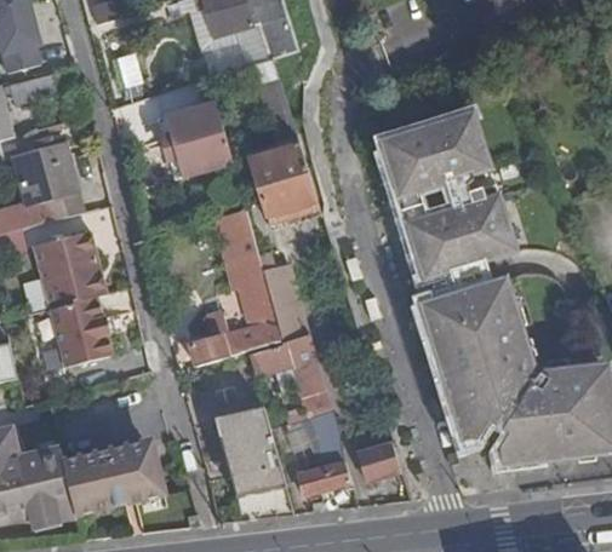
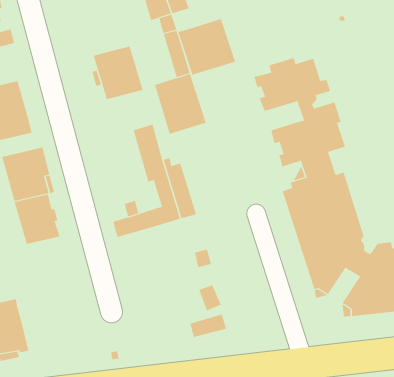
building: none -> [178,18,236,75]
building: [246,327,314,376] -> none
building: [216,403,284,498] -> none
building: [59,438,164,511] -> none
building: [351,443,400,483] -> none

